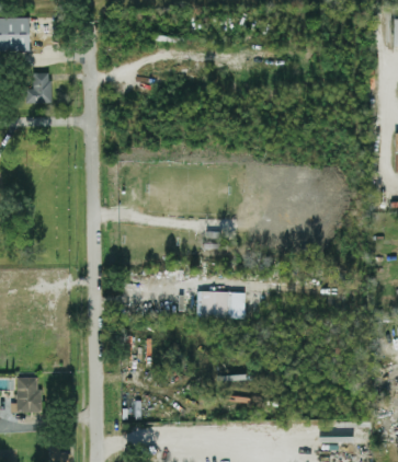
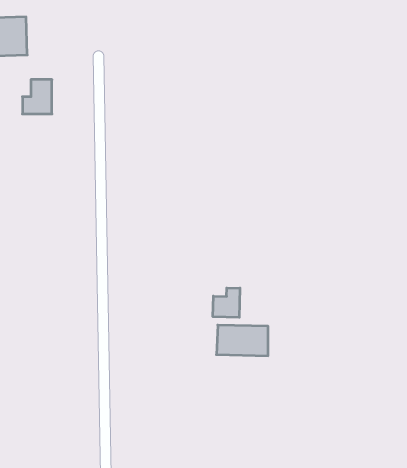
building: none -> [213,288,240,317]
building: [16,378,41,412] -> none

